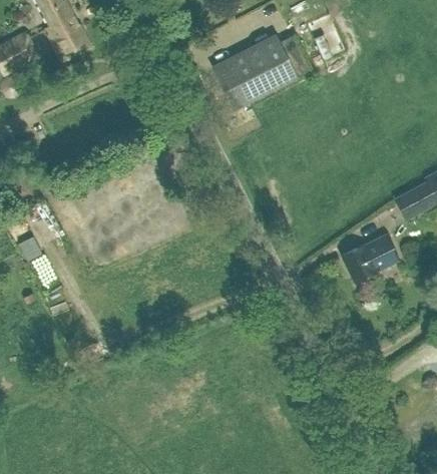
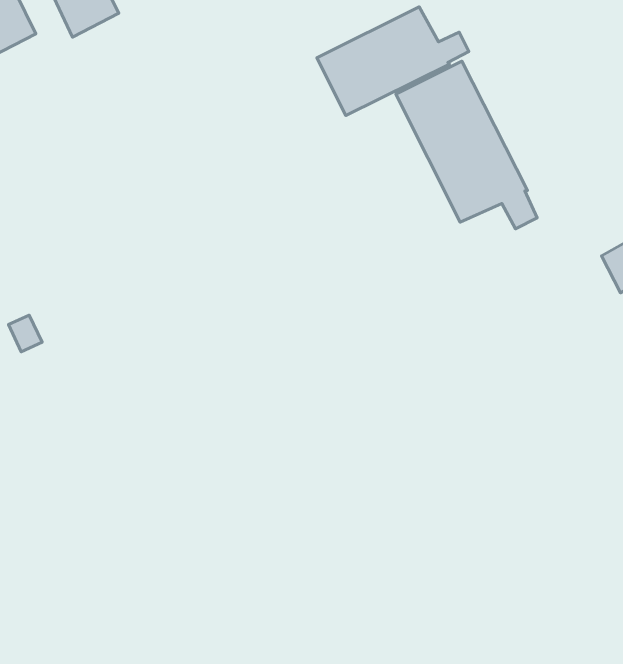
building: none -> [396,61,537,229]
building: [341,232,399,281] -> none

